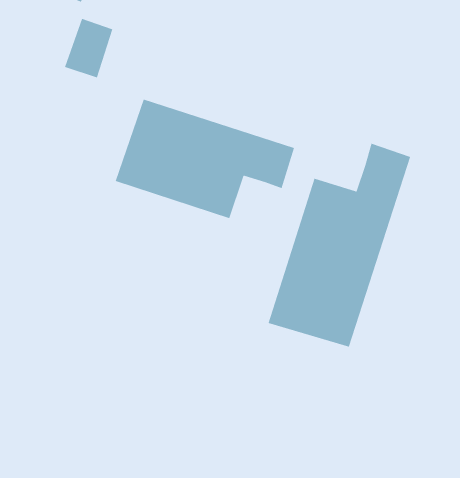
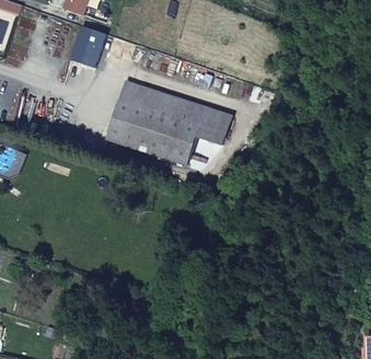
building: [268,143,411,348] -> none

